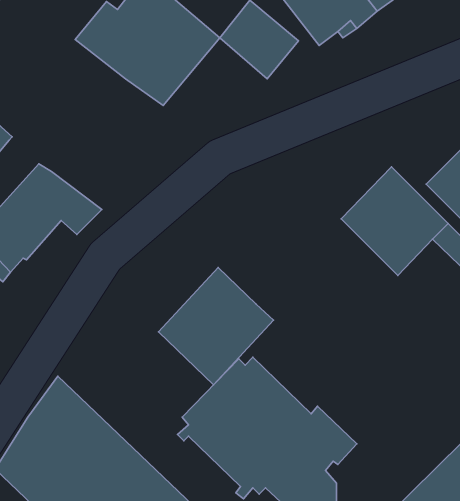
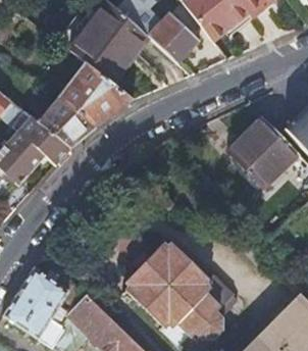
building: none -> [39,60,135,145]
building: [158,267,273,385] -> none

